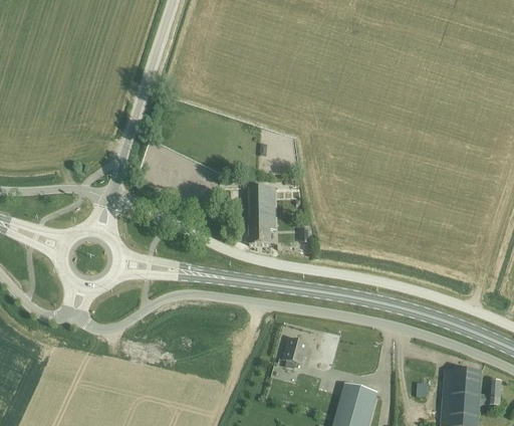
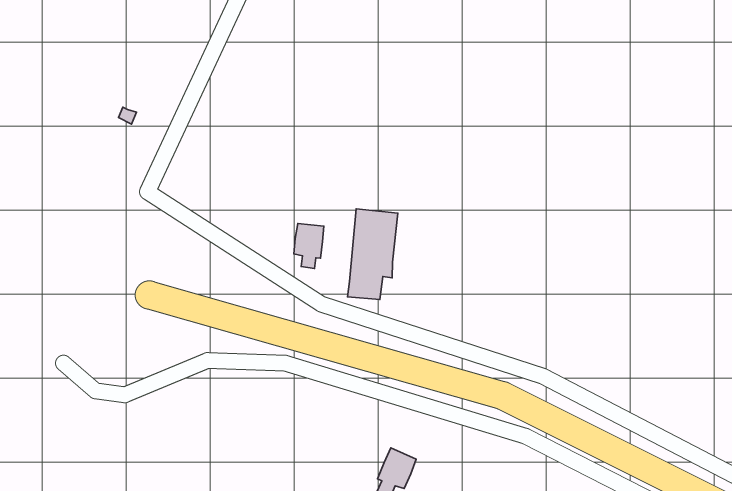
building: none -> [294,224,324,269]

